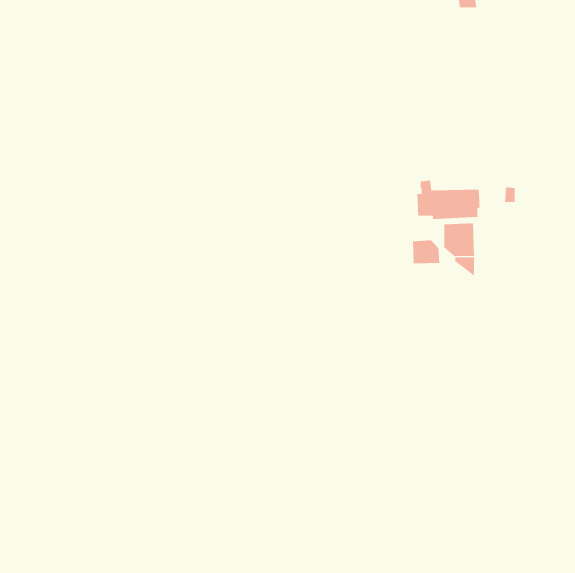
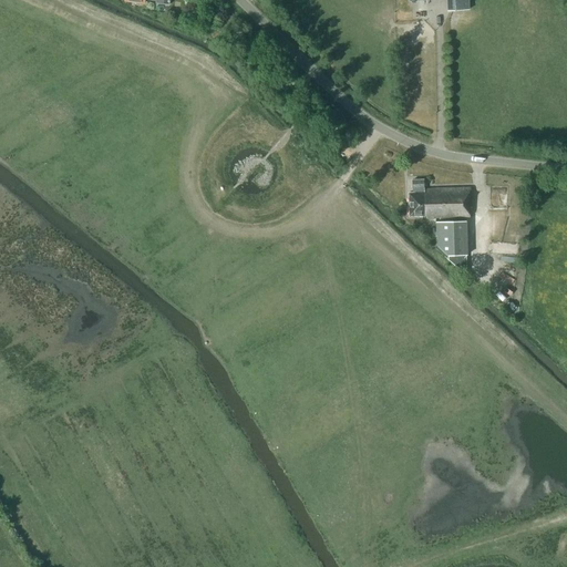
building: [412,240,440,264] -> none

